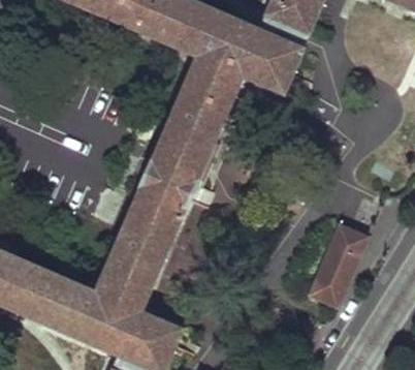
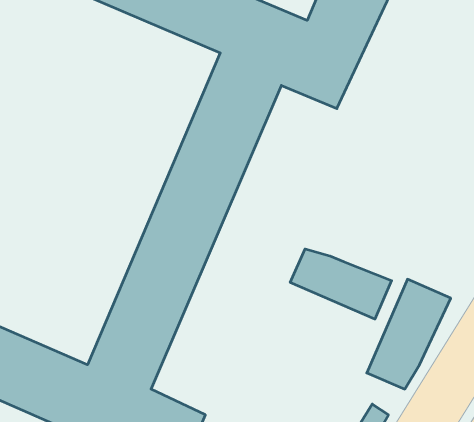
building: none -> [290,249,392,319]

